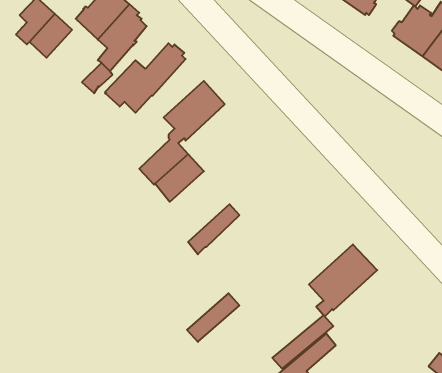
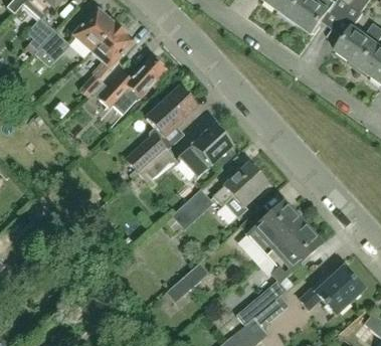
building: none -> [177,125,236,179]
building: none -> [213,163,266,218]
building: none -> [246,201,302,255]
building: none -> [300,267,363,314]

